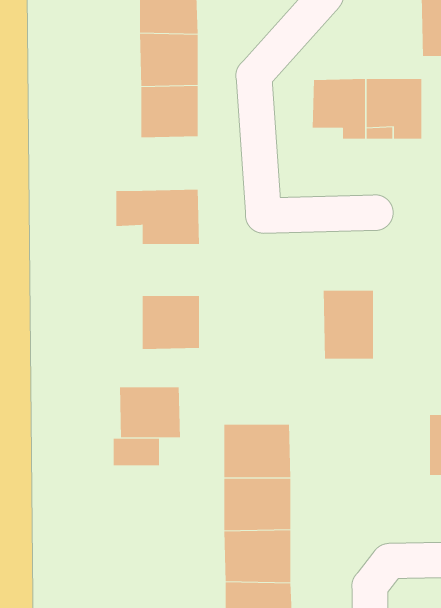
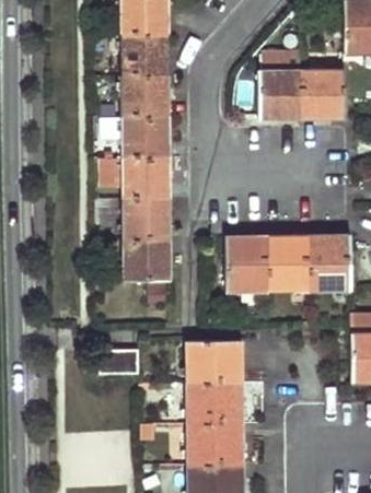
building: none -> [121,115,167,157]
building: none -> [123,200,169,240]
building: none -> [306,235,349,292]
building: none -> [225,236,267,292]
building: [119,386,181,438] -> none

